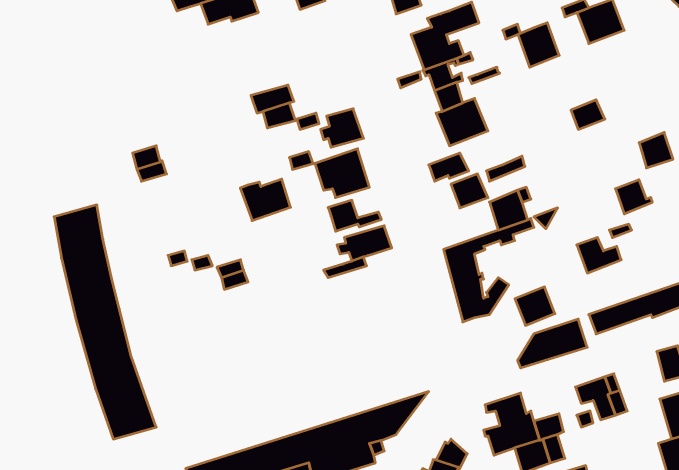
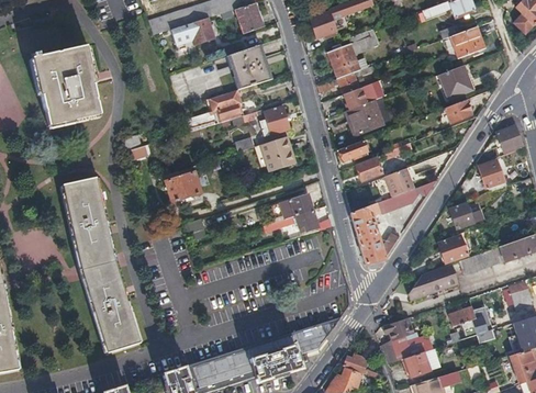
building: [518,23,559,67] -> [440,65,471,98]
building: none -> [228,45,269,88]
building: none -> [32,46,98,124]
building: [240,179,291,221] -> [164,170,201,201]
building: [328,200,381,231] -> [295,210,335,233]
building: [515,287,555,325] -> [438,235,468,263]

